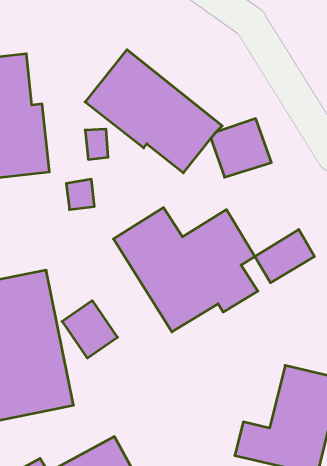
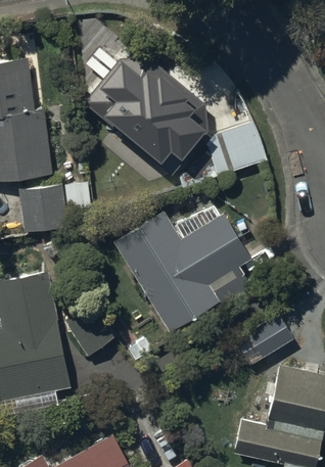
building: none -> [19,189,66,234]
building: [255,229,314,283] -> [235,314,293,366]

